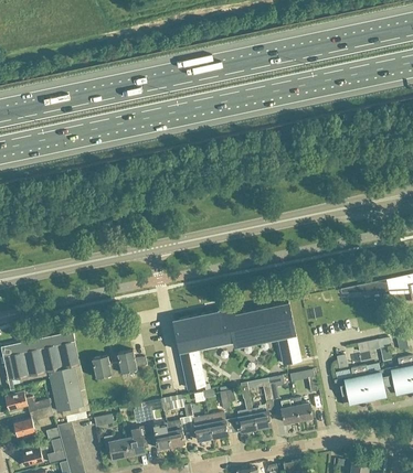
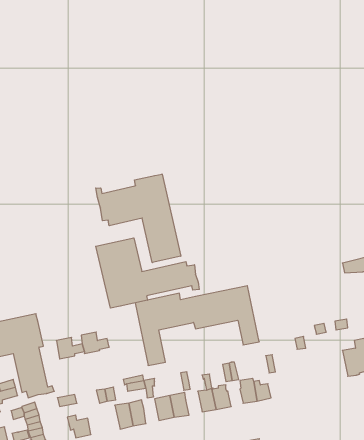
building: none -> [96,174,181,263]
building: none -> [96,238,199,308]
building: [332,366,390,406] -> none
building: [124,427,146,455] -> none

